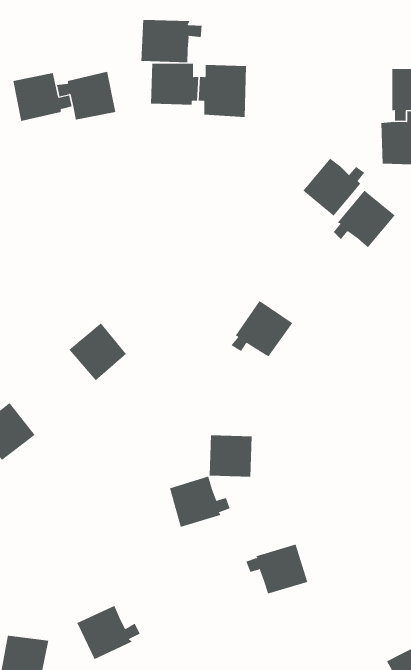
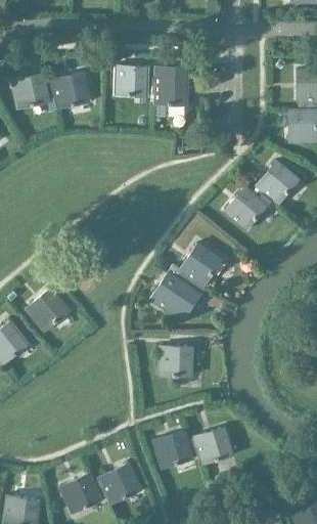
building: [141,19,202,63] -> none
building: [303,158,365,216] -> [223,186,270,230]
building: [68,323,127,381] -> [25,288,69,332]
building: none -> [149,272,200,320]
building: [169,476,231,528] -> [153,430,199,469]
building: none -> [92,463,140,505]

